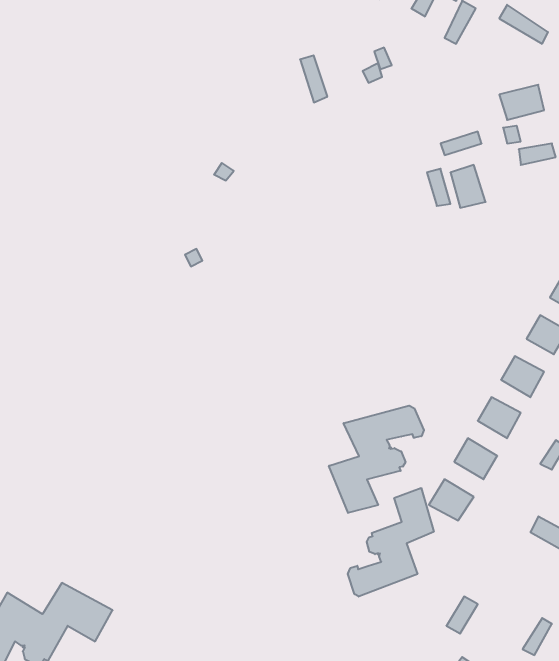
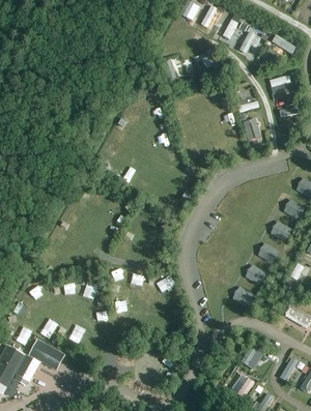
building: [329,406,424,513] -> none
building: [348,488,434,597] -> none

